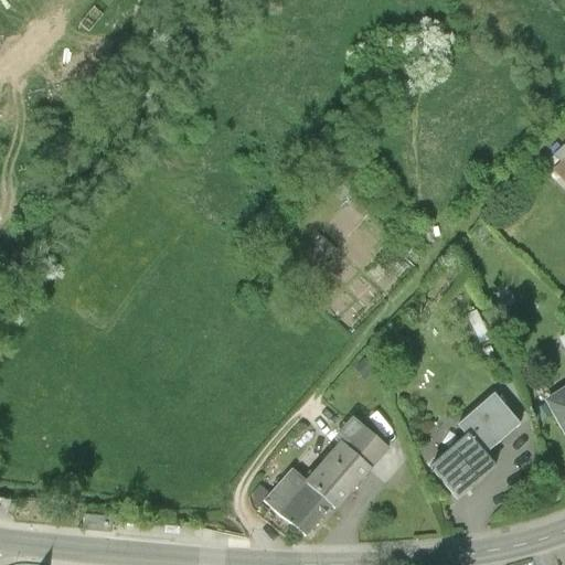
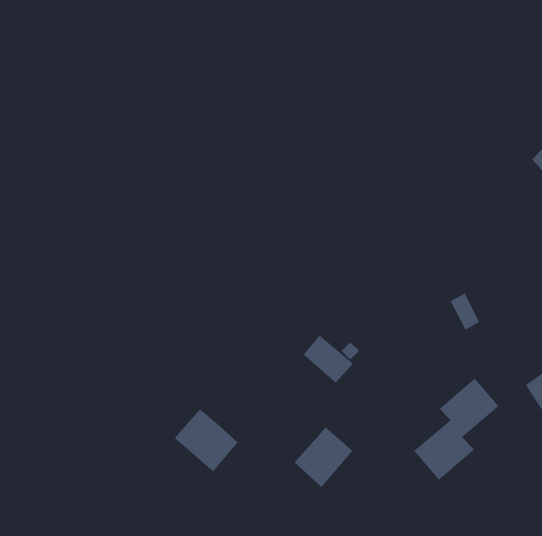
building: [334,417,387,468] -> [303,335,354,384]
building: [264,467,331,533] -> [174,409,239,472]

